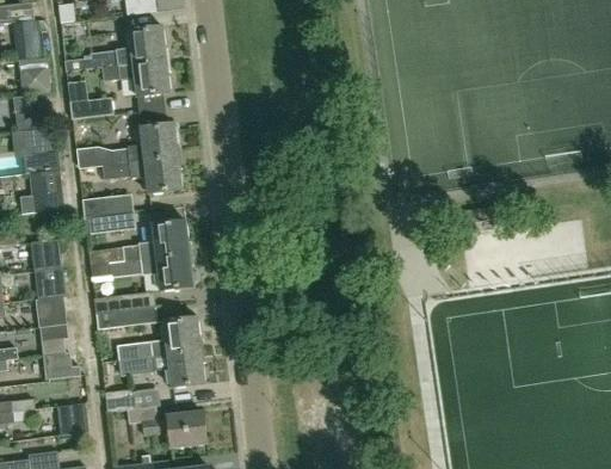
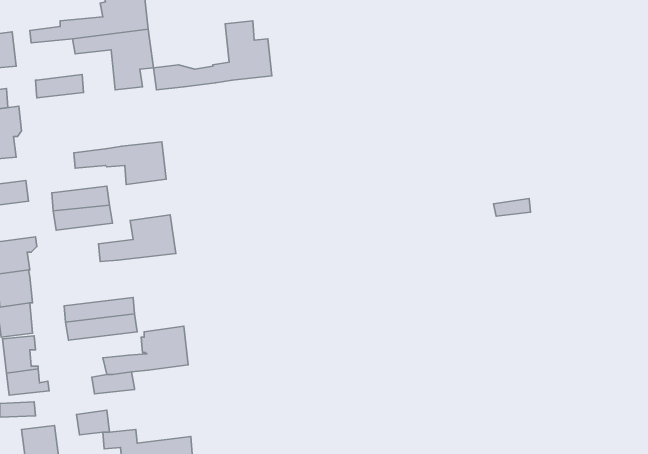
building: [75,109,178,168] -> [154,21,272,90]
building: [90,253,198,290] -> none
building: [166,350,205,387] -> none

